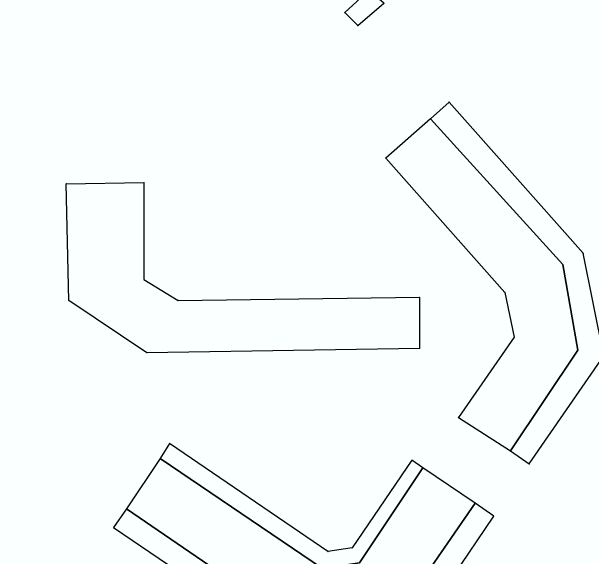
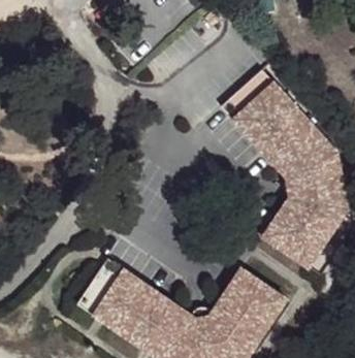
building: none -> [222,100,299,243]
building: [66,183,420,353] -> none

